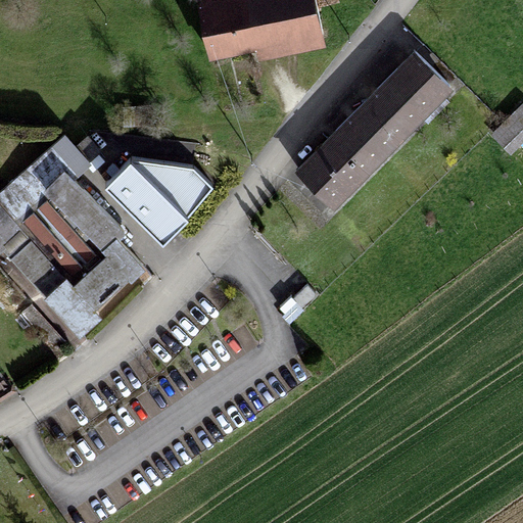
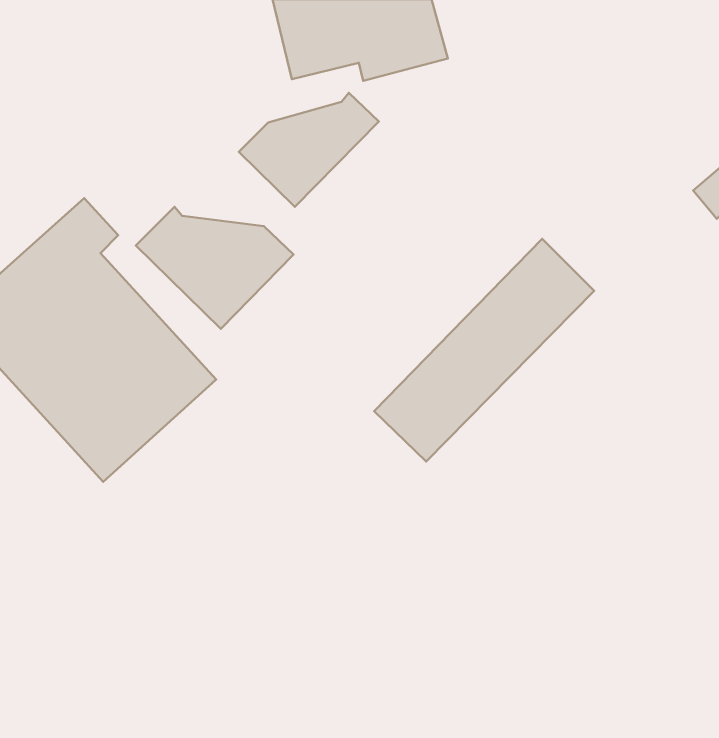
building: [291,56,442,209] -> [374,239,594,462]
building: none -> [239,93,379,207]

